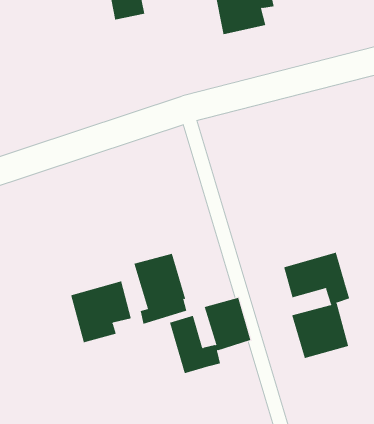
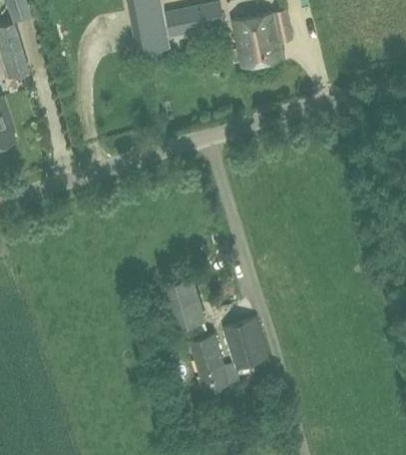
building: [284,252,350,359] -> none
building: [70,280,132,343] -> none

